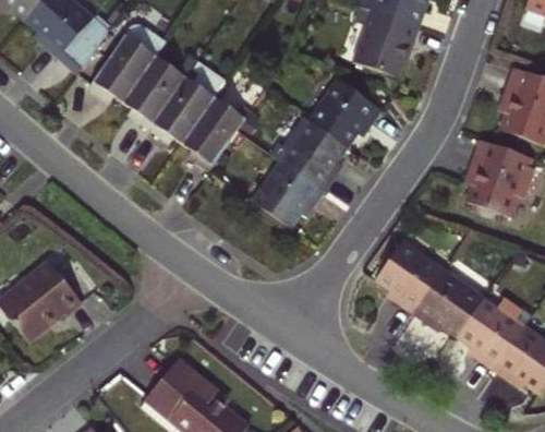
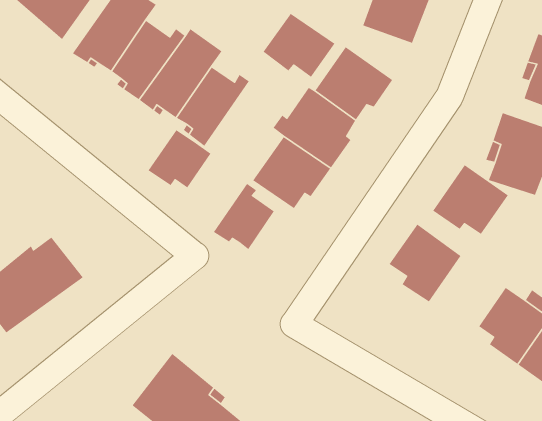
building: none -> [263,13,335,78]
building: none -> [148,129,212,188]
building: none -> [213,183,275,250]
building: [413,269,483,334] -> [432,164,509,235]

